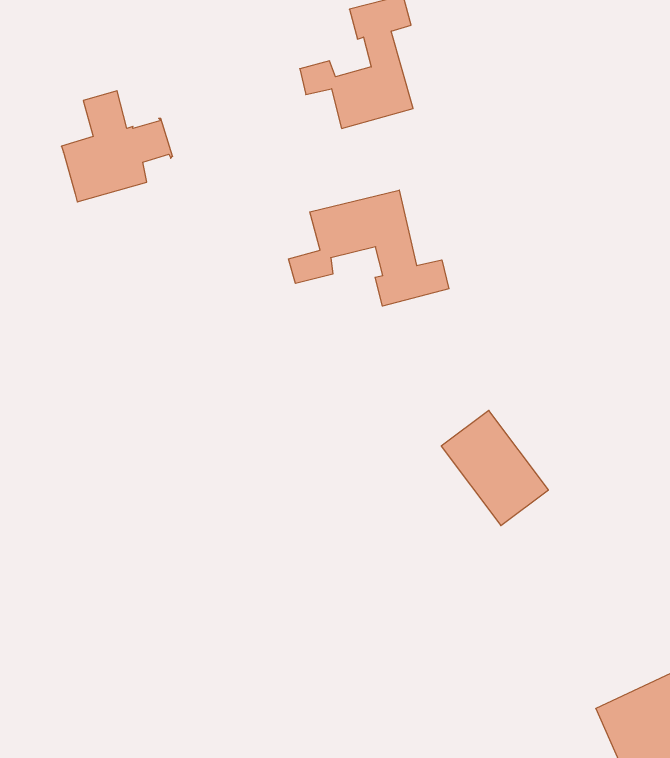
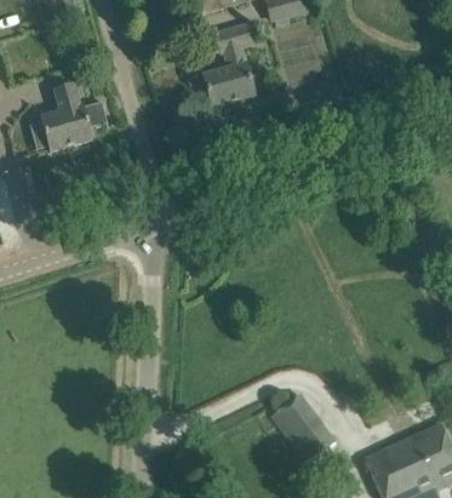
building: [288,190,449,306] -> none
building: [441,410,548,526] -> [270,393,336,463]

